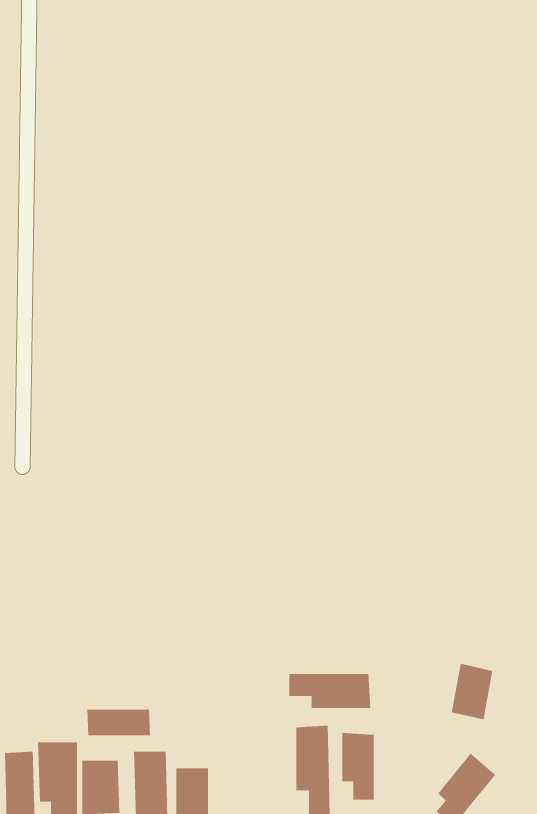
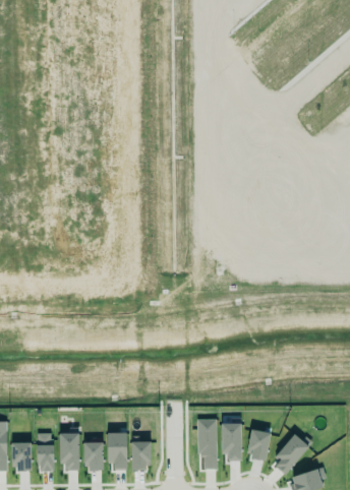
building: [451,663,493,720] -> [247,430,271,462]
building: [288,673,371,709] -> none
building: [87,709,151,736] -> none

